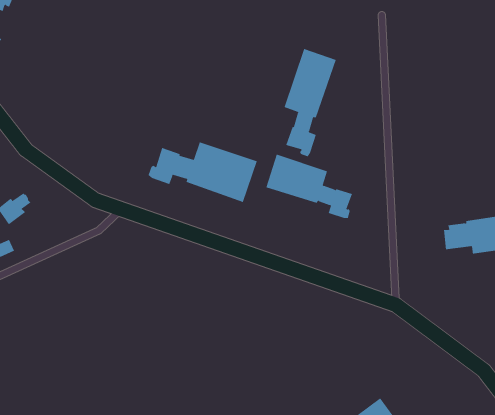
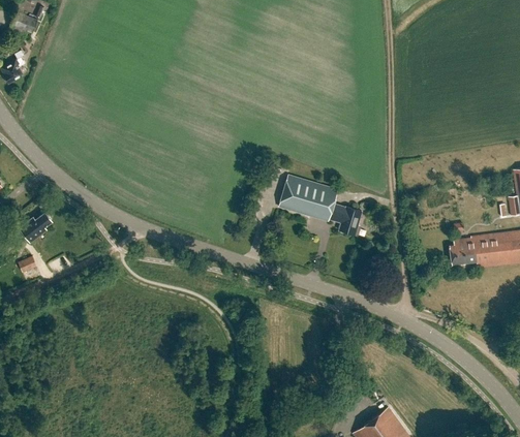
building: [284,48,337,157] -> none
building: [148,142,257,203] -> none

